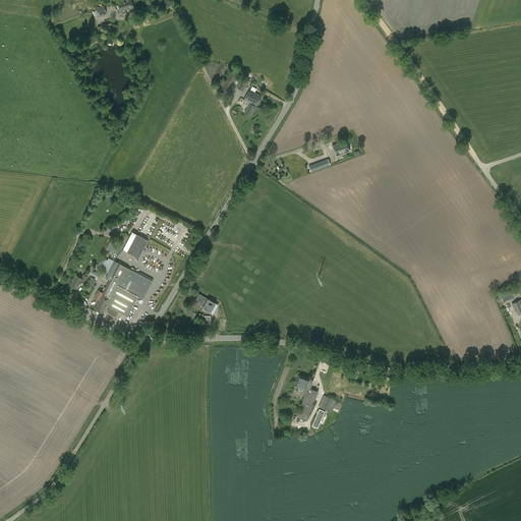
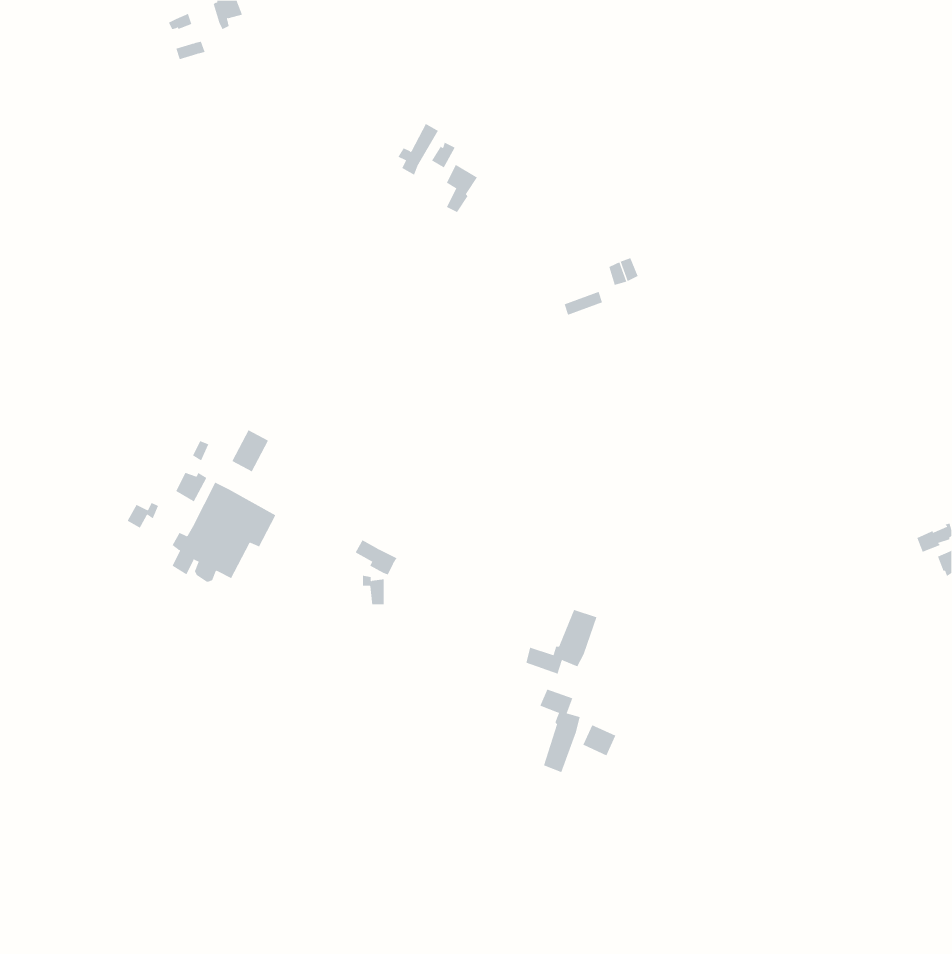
building: none -> [526,609,597,675]

